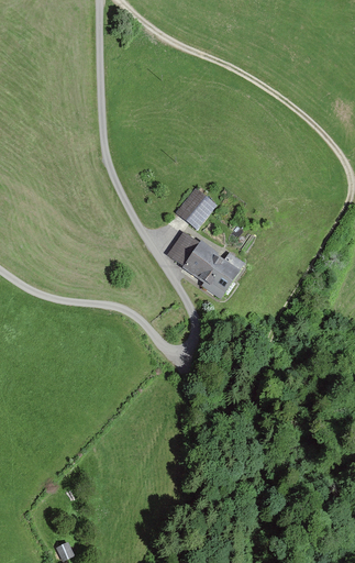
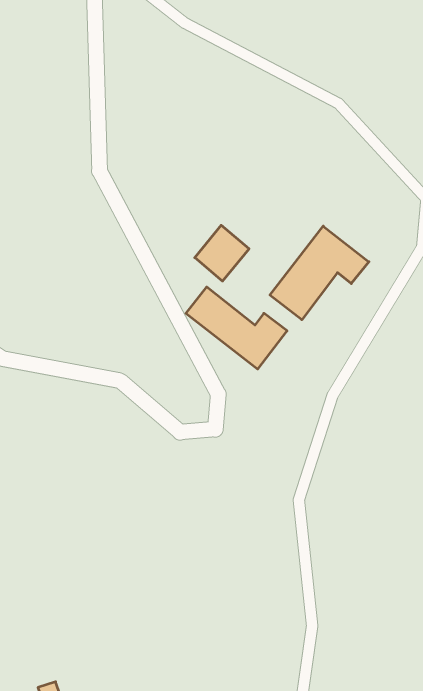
building: none -> [270,226,369,320]

